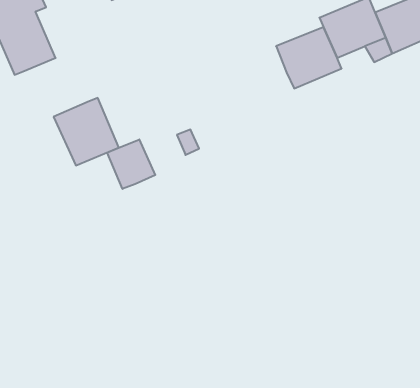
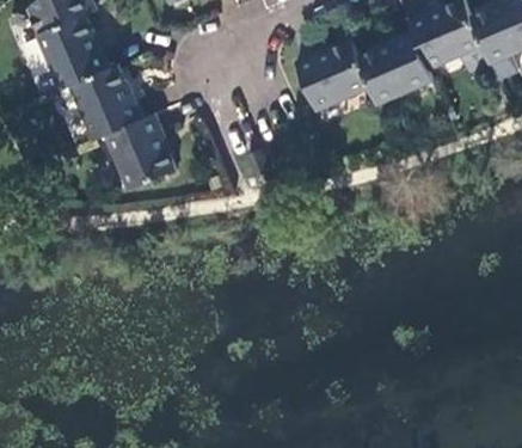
building: none -> [294,38,368,109]
building: none -> [69,63,142,140]
building: [107,139,155,189] -> none

